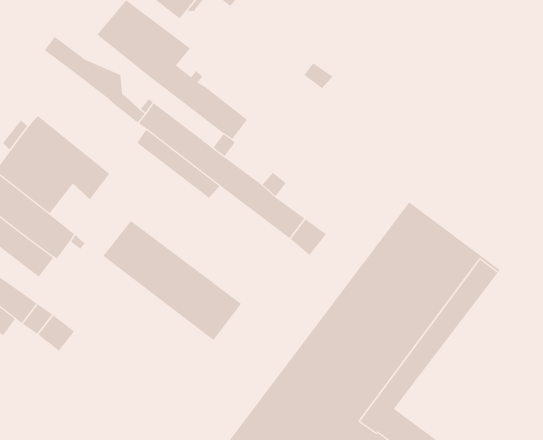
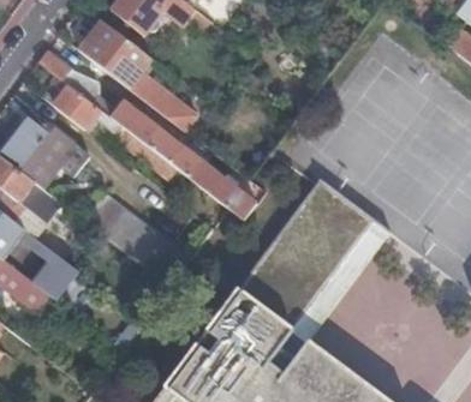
building: none -> [41,76,108,127]

